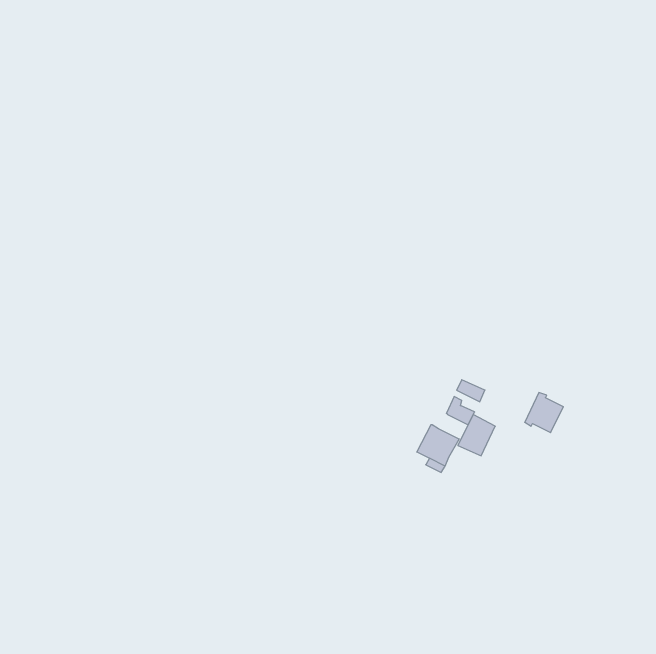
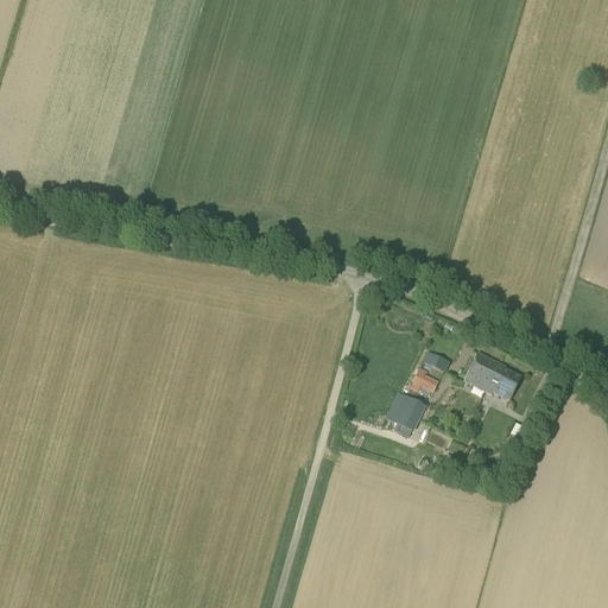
building: [458,415,495,456] -> [464,352,499,390]

